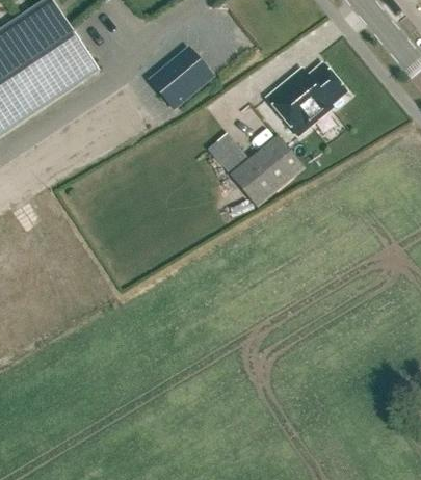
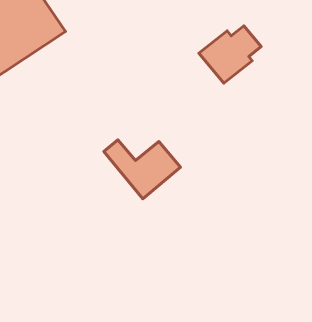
building: [151,49,212,108] -> none
building: [209,133,305,207] -> [104,140,180,199]

